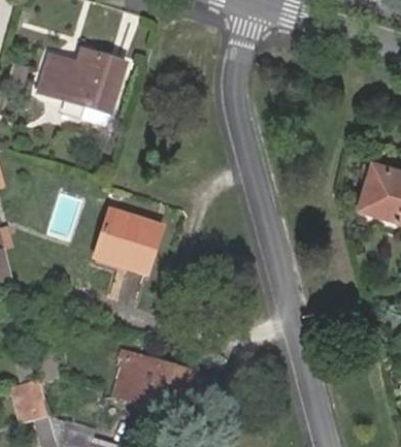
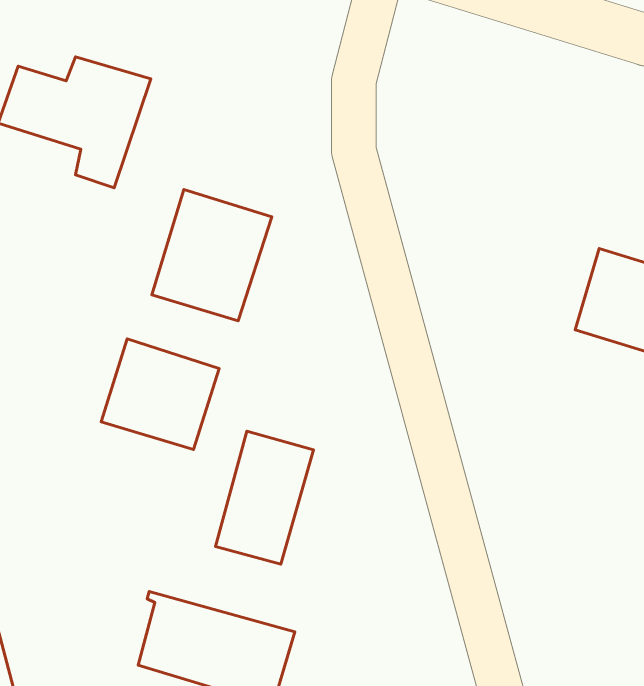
building: none -> [152,189,272,321]
building: none -> [215,431,314,564]

